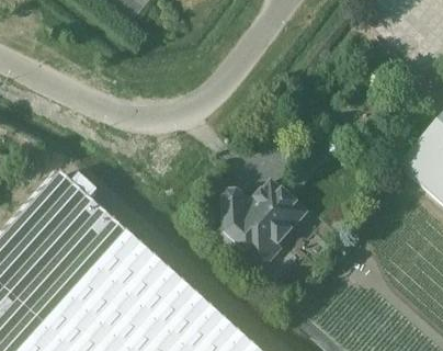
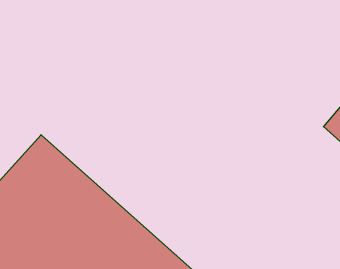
building: [223,179,307,265] -> none

